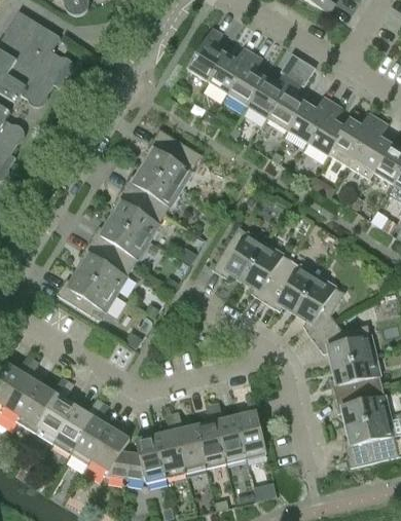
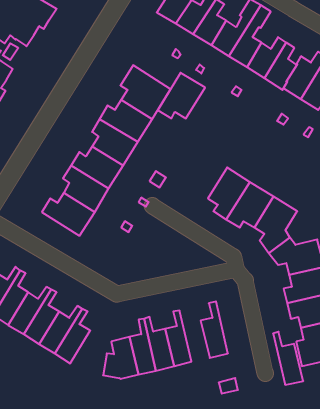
building: [212,227,265,278] -> [158,73,205,118]
building: [212,403,246,462] -> [273,332,303,385]
building: [88,427,130,478] -> none

